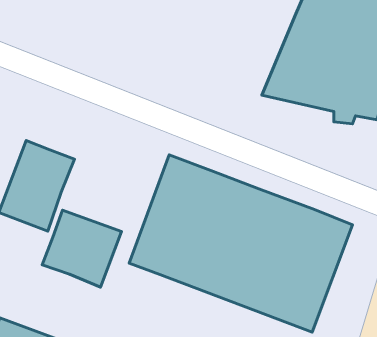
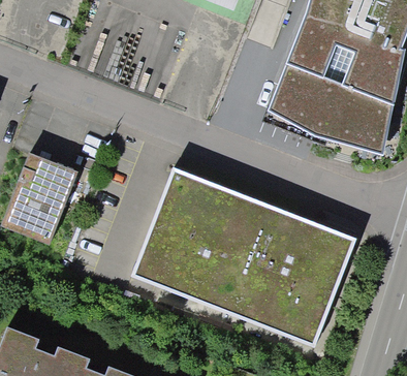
building: [42,210,121,287] -> none

